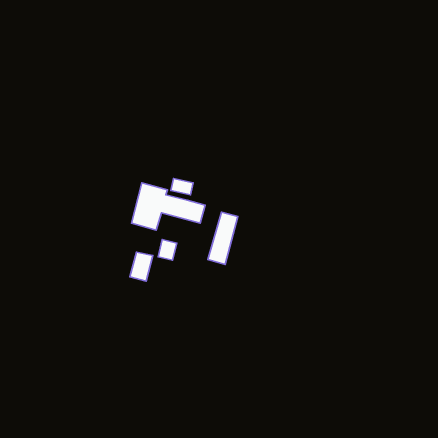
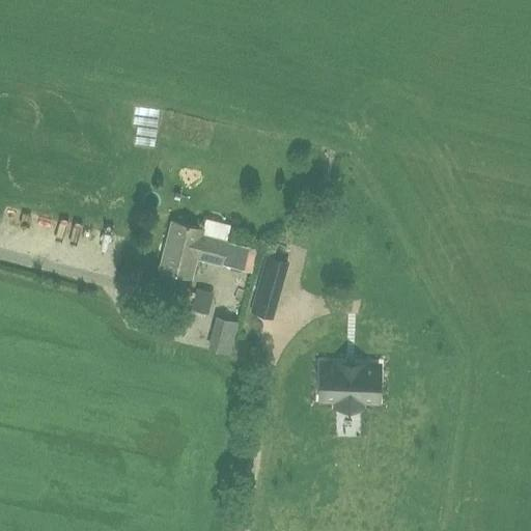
building: [130,252,153,281] -> [209,318,237,354]
building: none -> [319,364,376,408]

